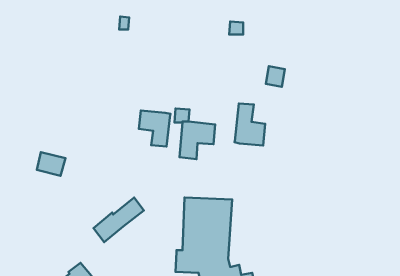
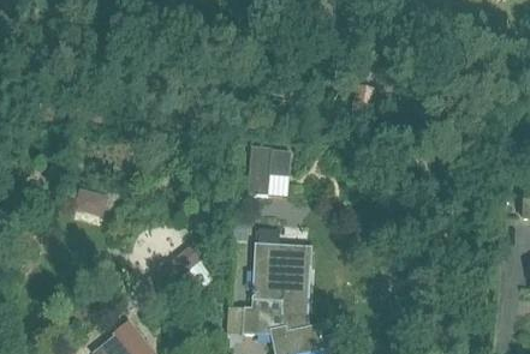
building: [234,103,265,145] -> none
building: [139,111,170,146] -> none

